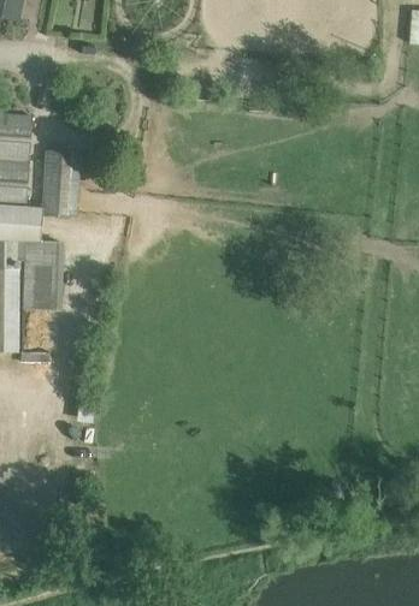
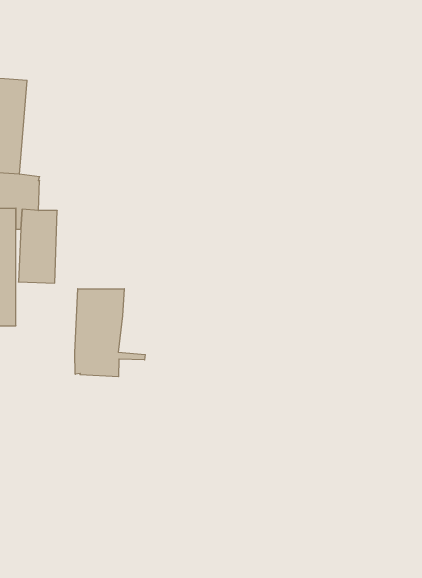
building: [41,152,77,214] -> none
building: none -> [75,289,145,377]

